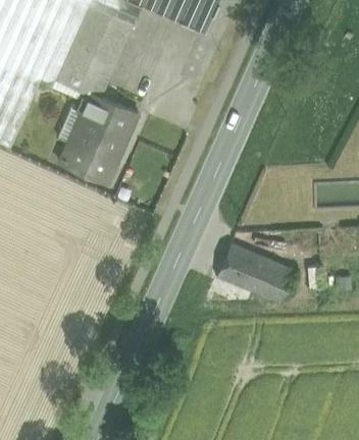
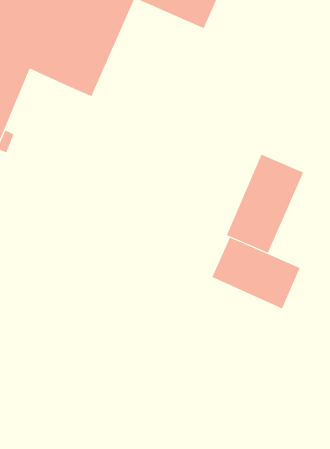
building: [54,91,139,183] -> none
building: none -> [226,154,304,253]

